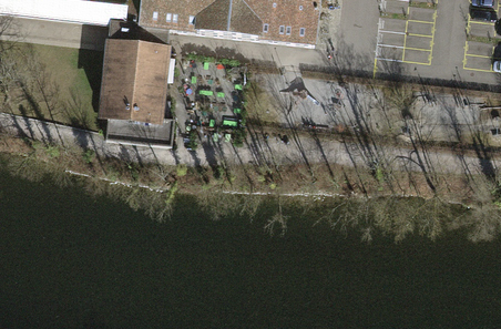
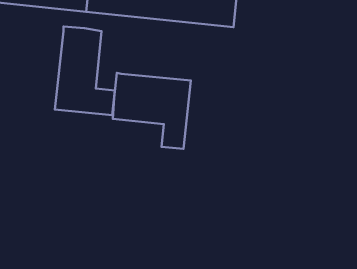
building: none -> [113,73,191,149]

